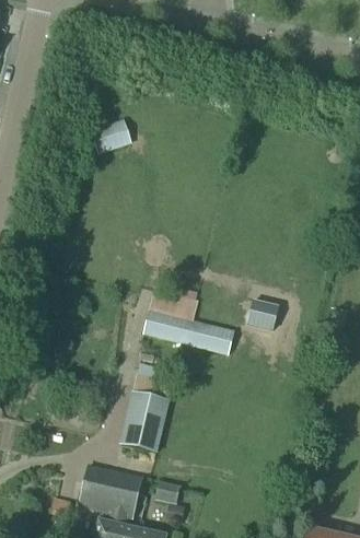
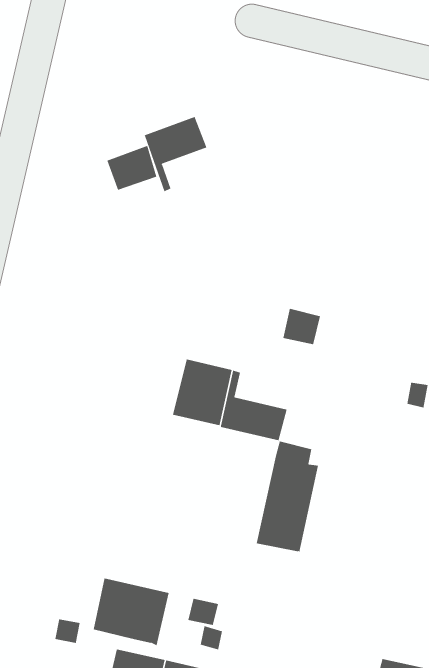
building: none -> [144,116,207,192]
building: [247,300,278,329] -> [282,308,321,345]
building: [121,362,172,452] -> [256,441,319,553]

